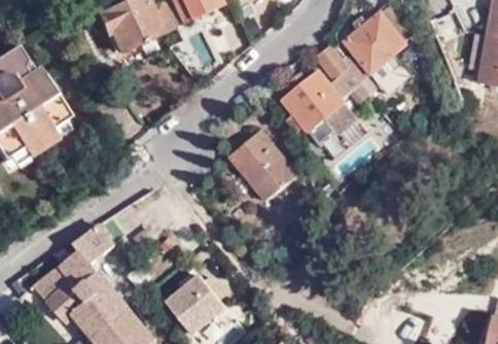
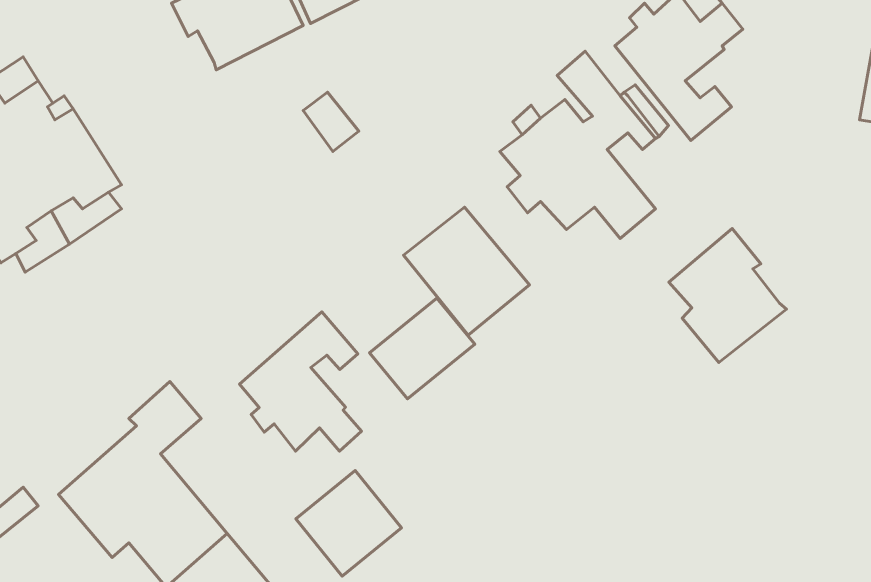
building: none -> [669,228,786,362]
building: none -> [369,298,475,399]
building: none -> [239,312,361,451]

